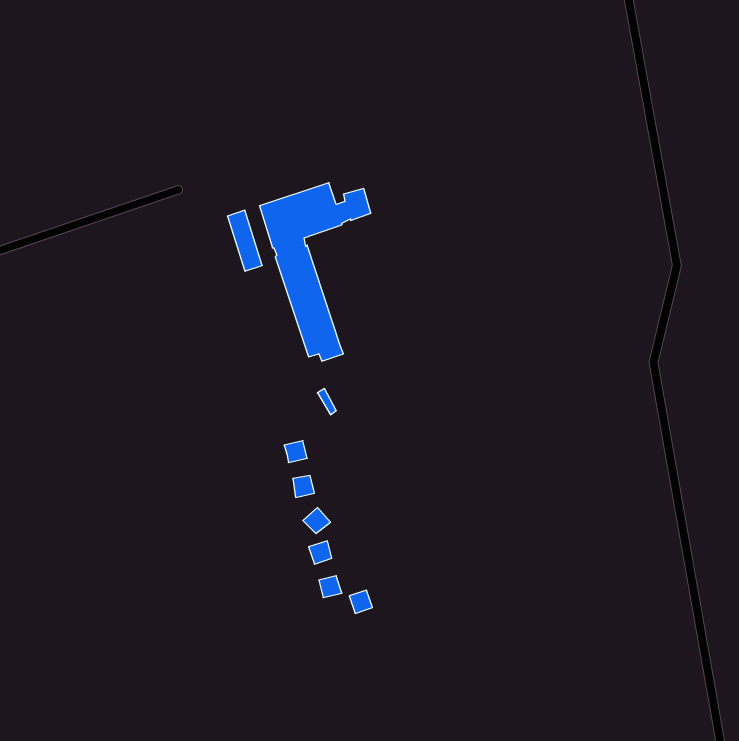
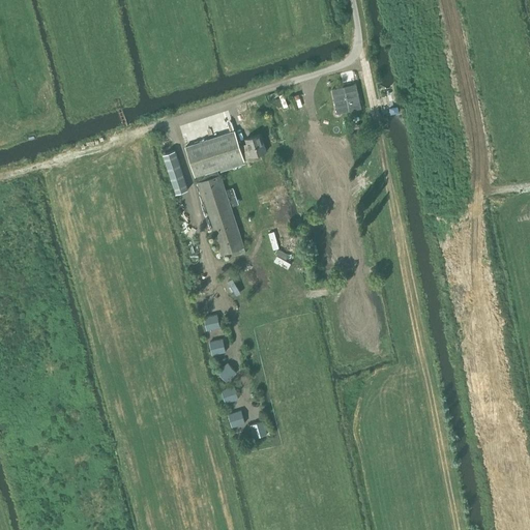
building: none -> [331,84,360,114]

